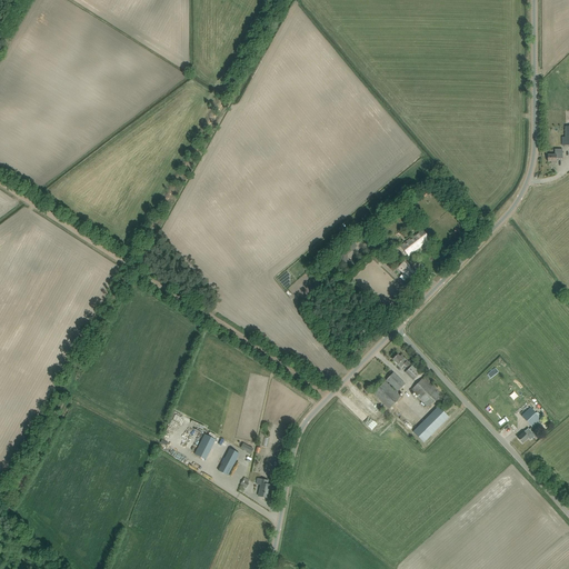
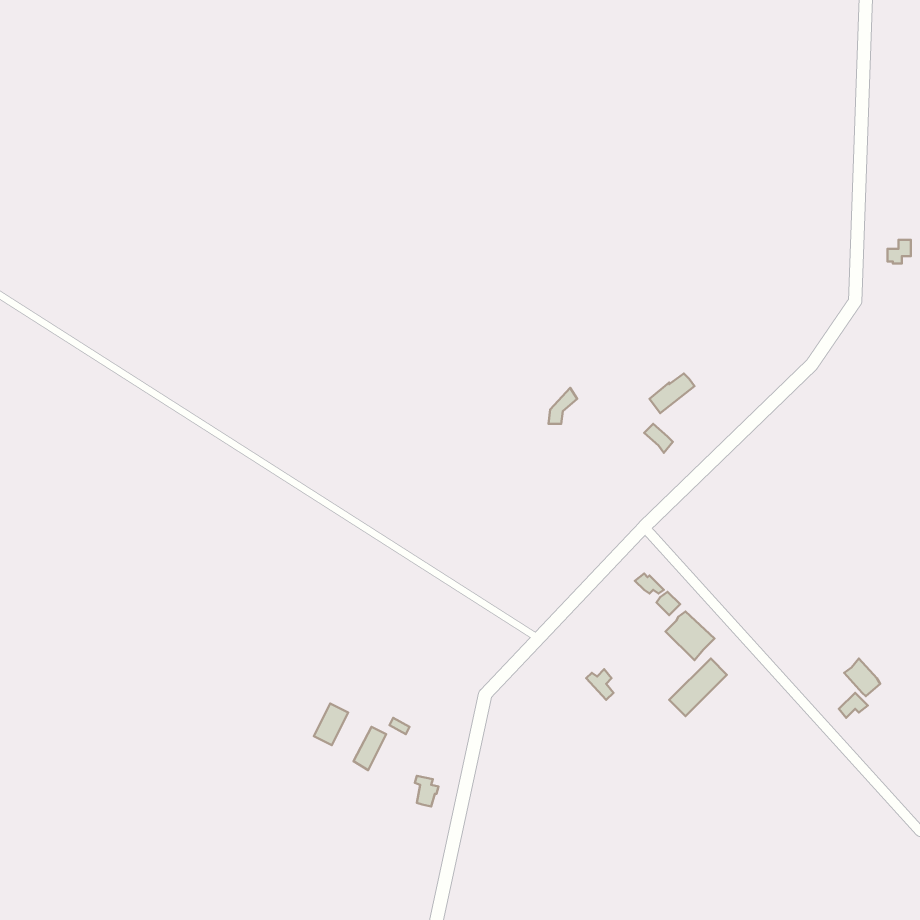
building: [372,371,403,408] -> none

